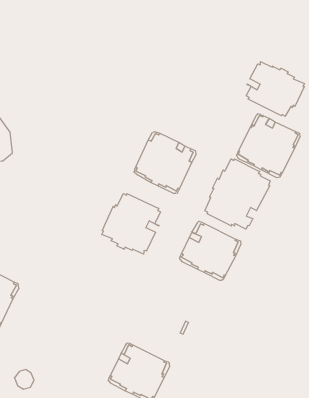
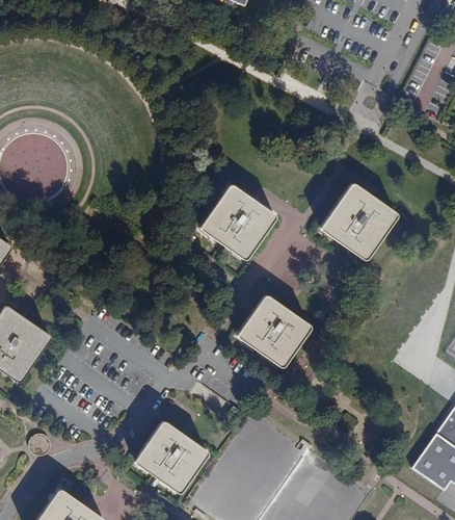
building: [246,62,304,116] -> none
building: [205,159,270,229] -> none
building: [102,194,161,254] -> none

